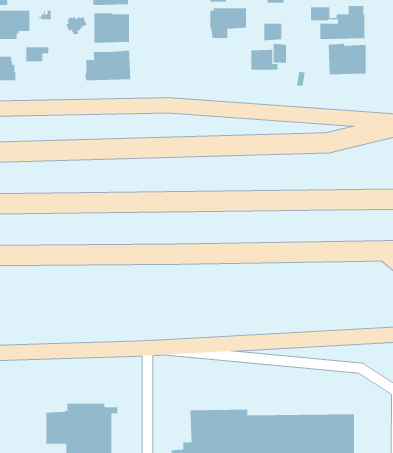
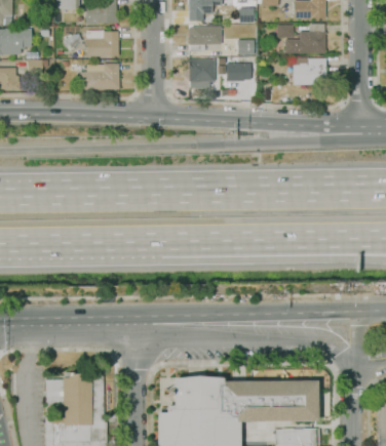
building: none -> [190,58,217,88]

